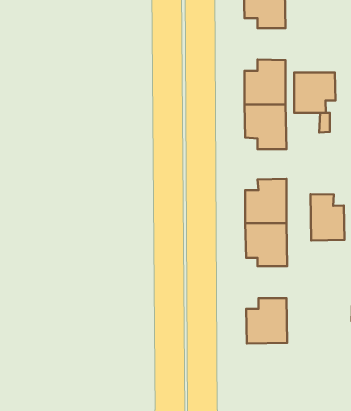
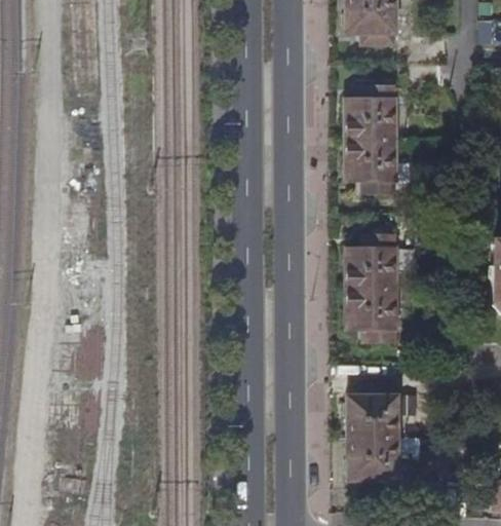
building: [294,72,335,113] -> none
building: [310,194,345,240] -> none
building: none -> [349,438,400,491]

